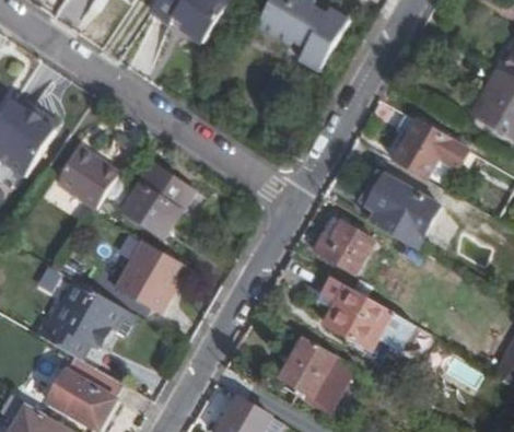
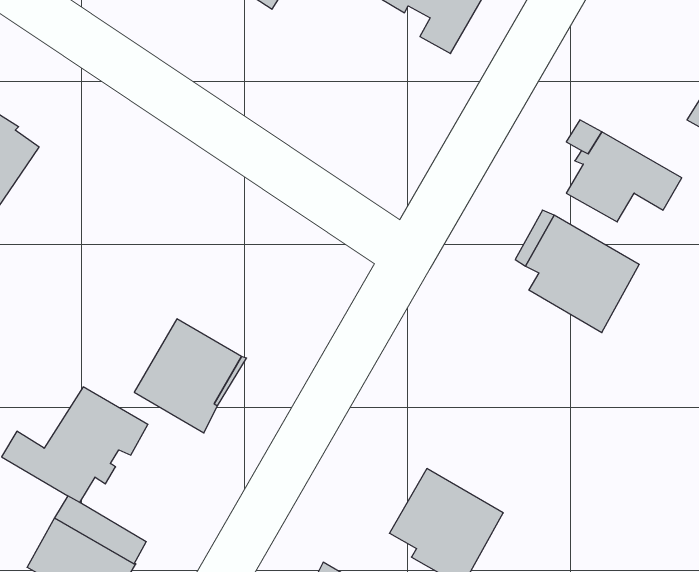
building: [57,147,119,208] -> none
building: [121,163,194,237] -> none
building: [312,221,374,273] -> none
building: [304,279,413,350] -> none

